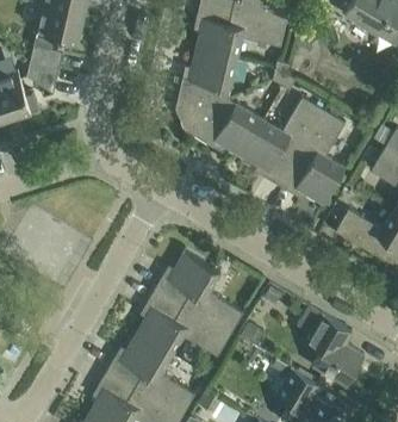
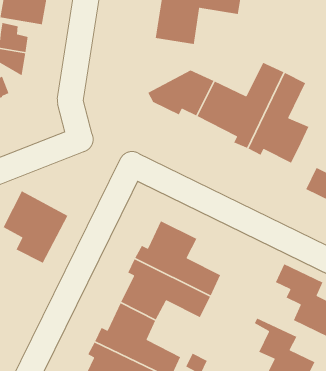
building: [175,66,232,120] -> none

